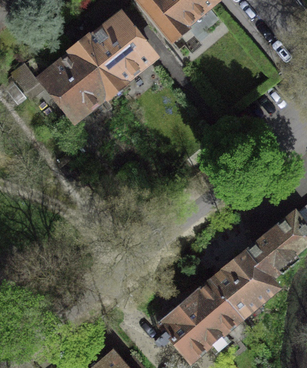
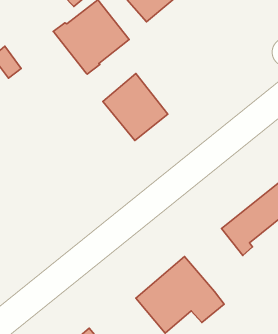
building: [42,49,109,118] -> [103,74,168,140]
building: [210,251,273,316] -> none

